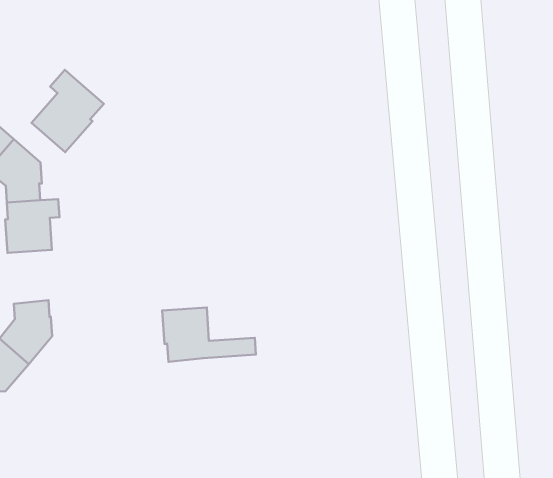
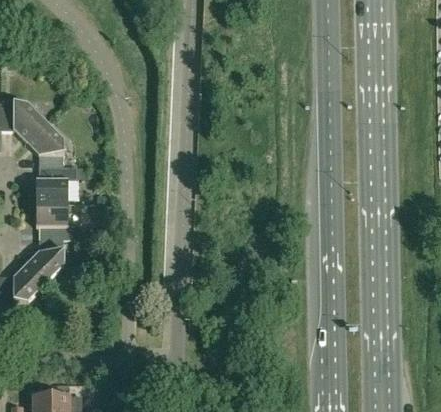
building: [32,70,104,152] -> none
building: [162,308,256,362] -> [36,202,101,239]

